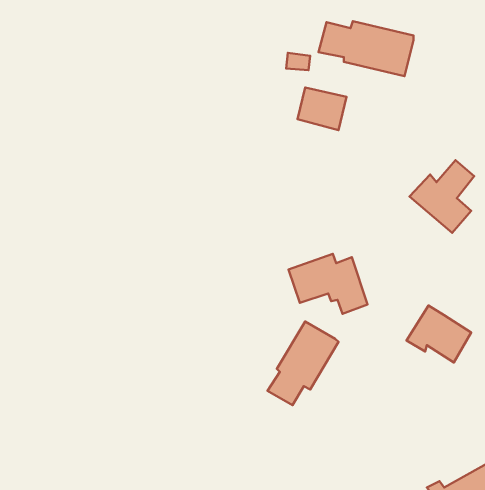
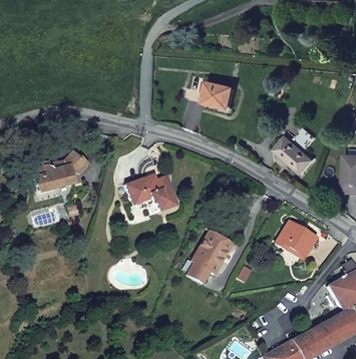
building: [319,21,414,76] -> none
building: none -> [35,152,87,192]
building: [289,254,368,314] -> [126,172,176,211]

